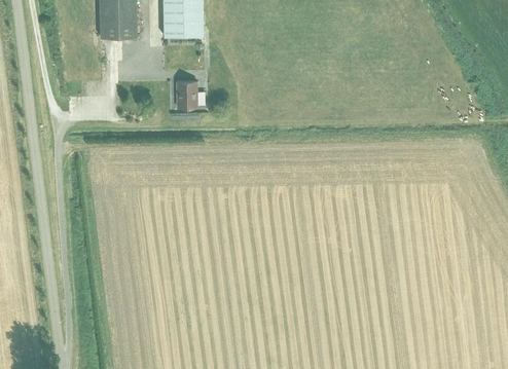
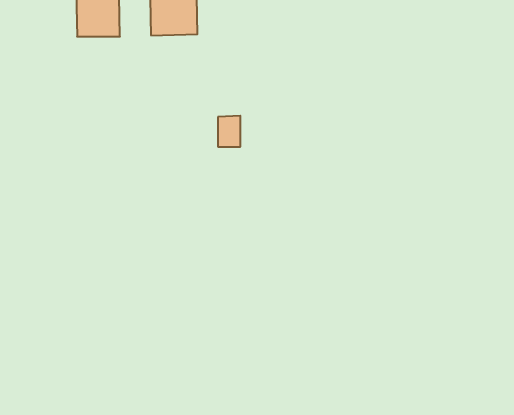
building: [177,82,196,109] -> [218,116,240,147]

